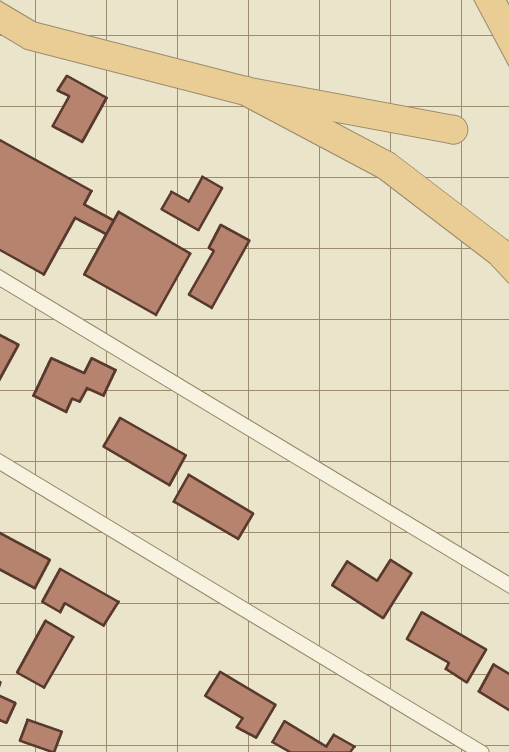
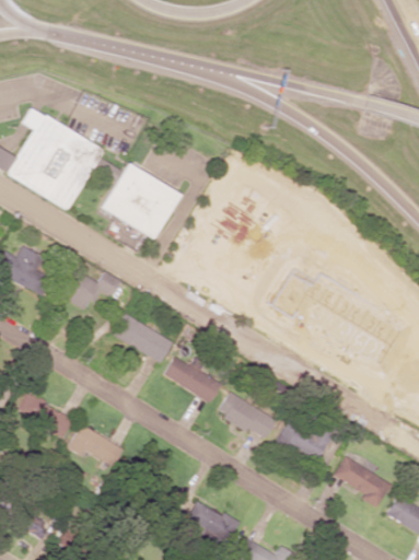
building: [53,76,107,142] -> none
building: [162,177,222,230] -> none
building: [189,225,249,308] -> none
building: none -> [218,392,278,440]
building: [17,621,73,688] -> none

